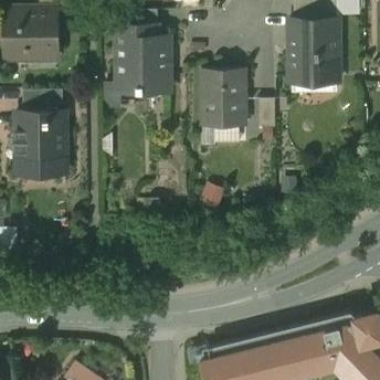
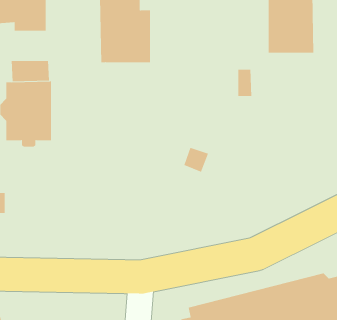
building: [202,72,243,127] -> none

